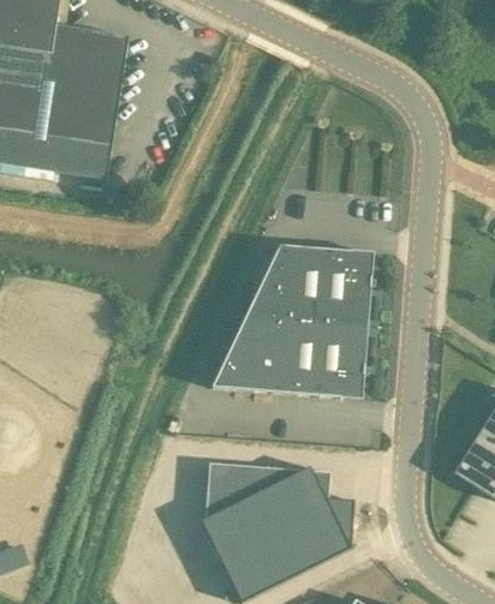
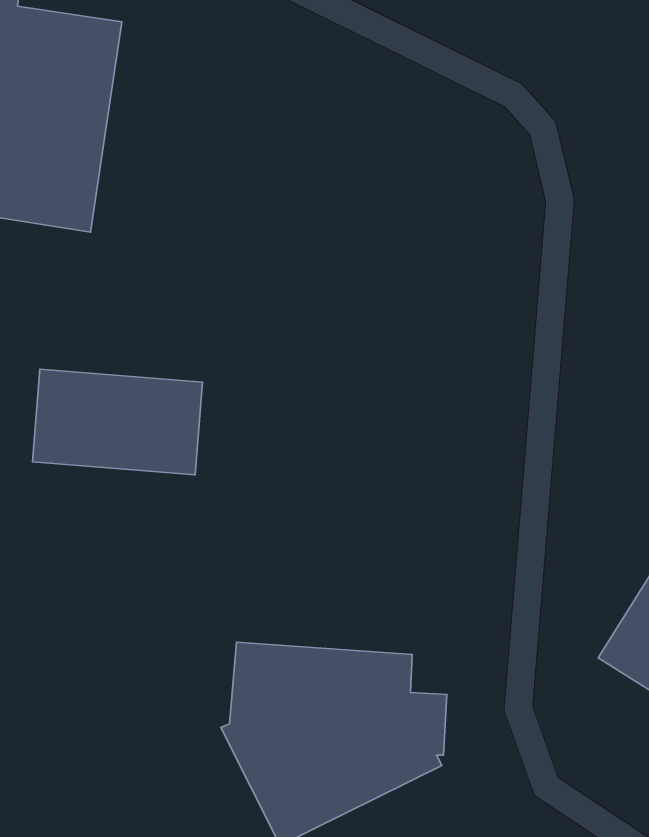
building: [211,244,372,397] -> none
building: none -> [33,369,203,475]

